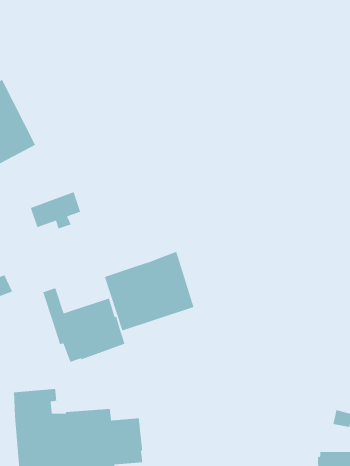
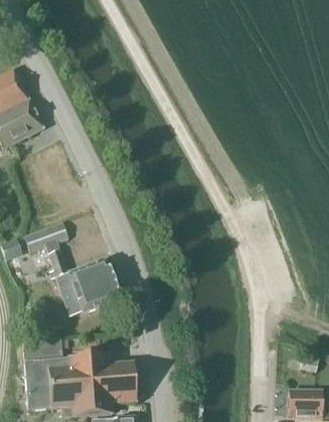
building: [30,191,81,229] -> [24,220,68,253]
building: [104,251,195,331] -> none

